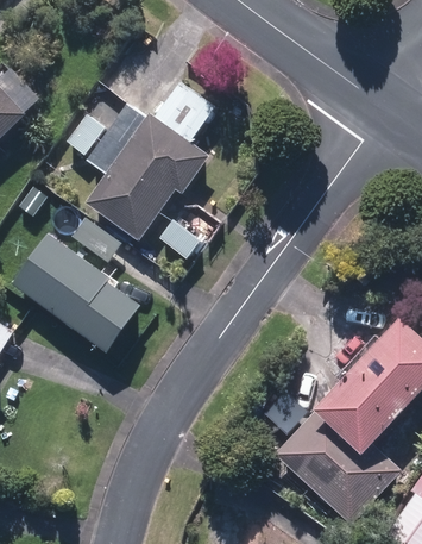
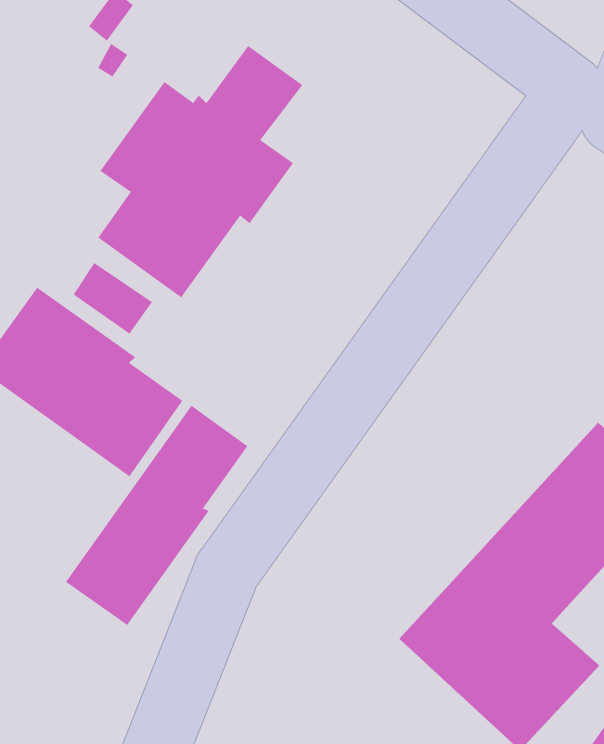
building: none -> [65,405,248,626]

